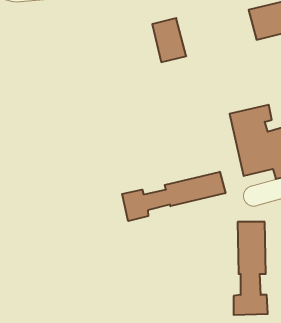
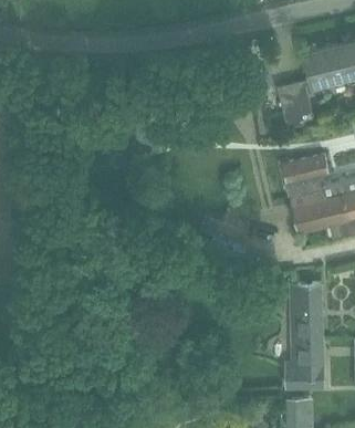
building: [152,18,186,62] -> [276,81,314,129]
building: [122,172,225,221] -> none

